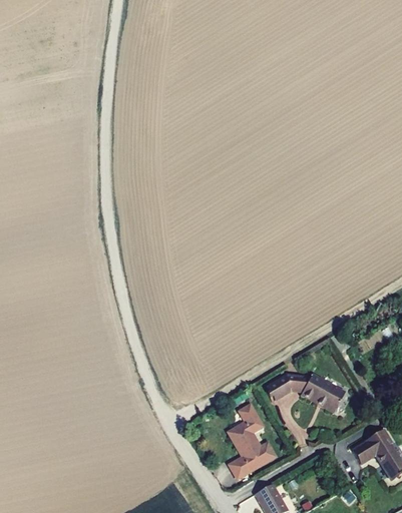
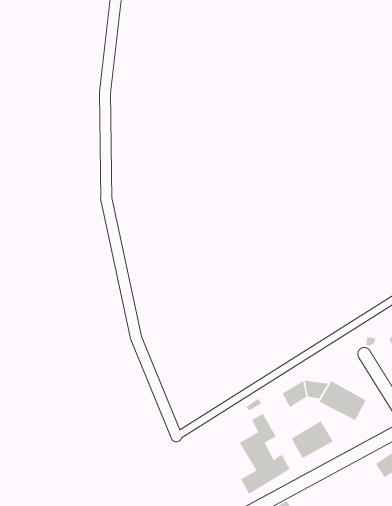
building: none -> [291,420,333,459]

